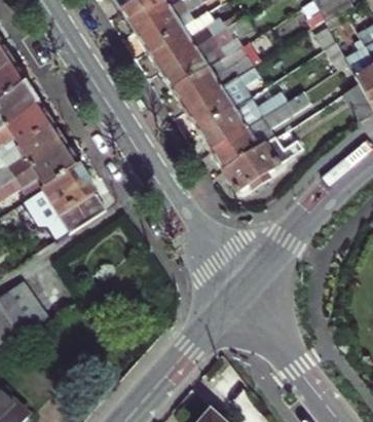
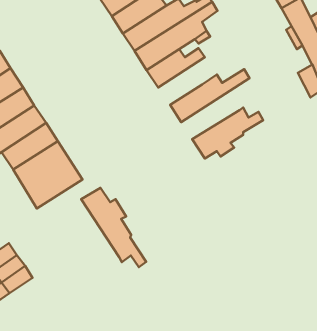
building: [189,73,248,126] -> none
building: [215,87,314,165] -> none
building: none -> [81,188,146,267]

